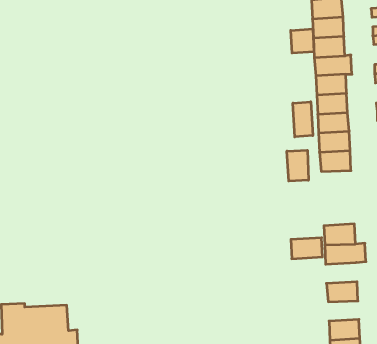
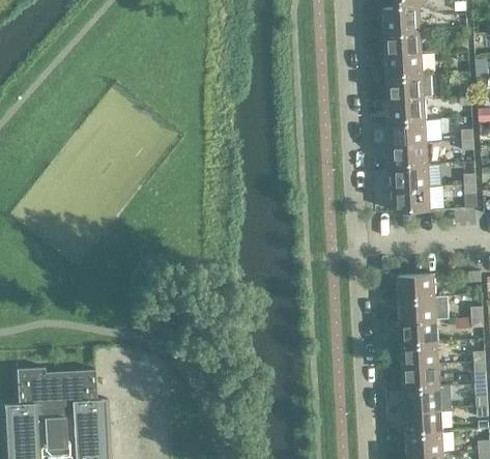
building: [291,29,314,53] -> none
building: [293,102,313,137] -> none
building: [287,150,308,181] -> none
building: [291,238,322,259] -> [400,320,437,345]
building: none -> [403,366,439,390]

